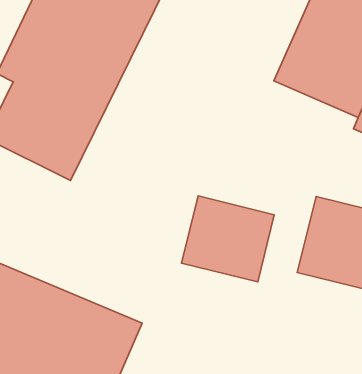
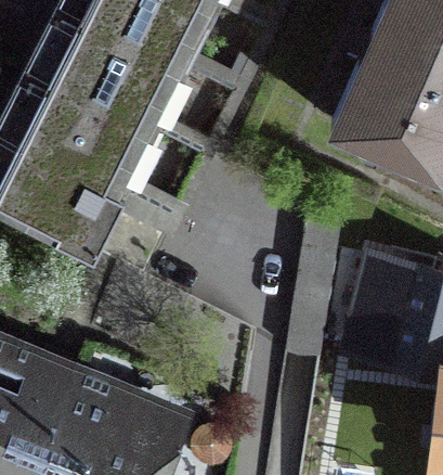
building: [182,196,274,282] -> none

